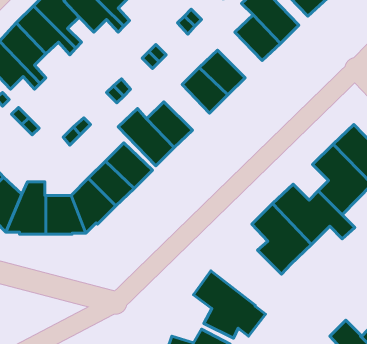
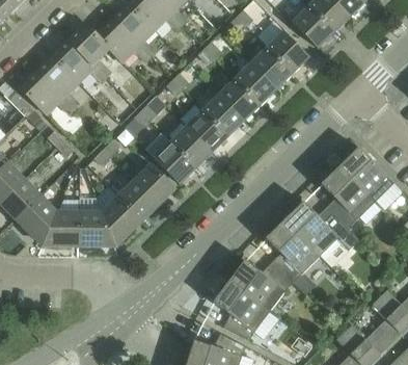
building: none -> [235,62,275,104]
building: none -> [186,110,227,152]
building: none -> [228,259,293,311]

